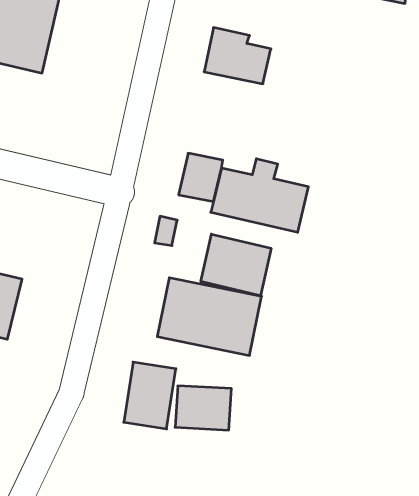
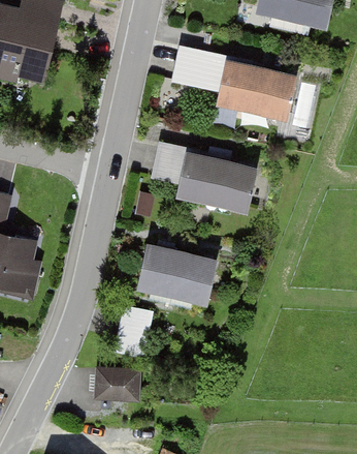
building: none -> [218,66,293,116]
building: [201,234,271,296] -> none
building: [175,386,231,430] -> [95,366,138,400]

